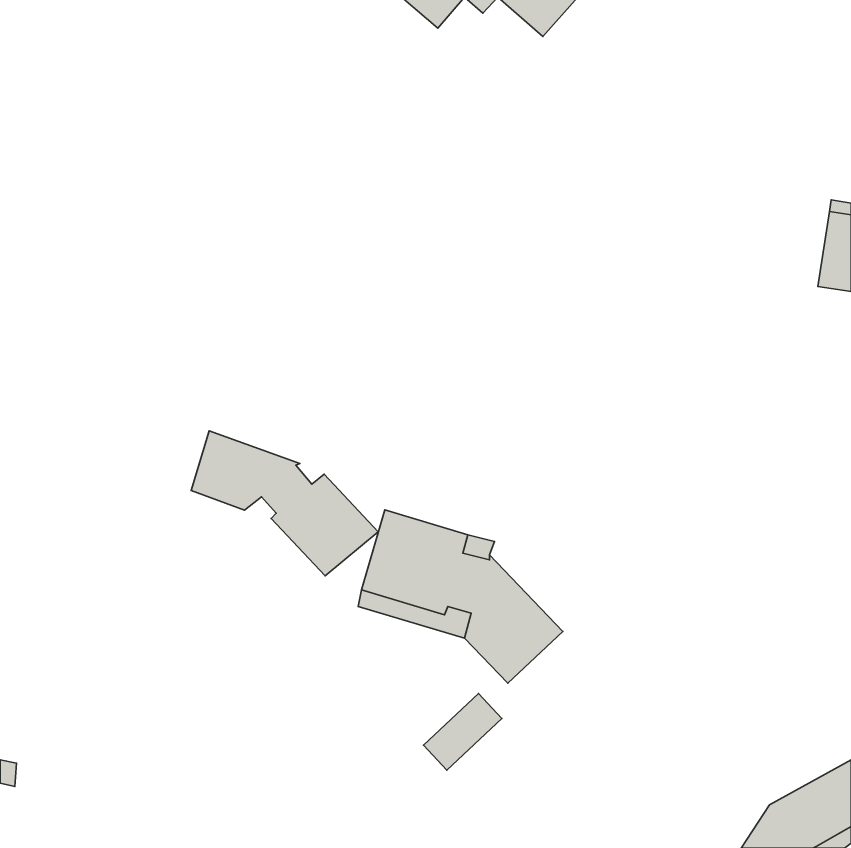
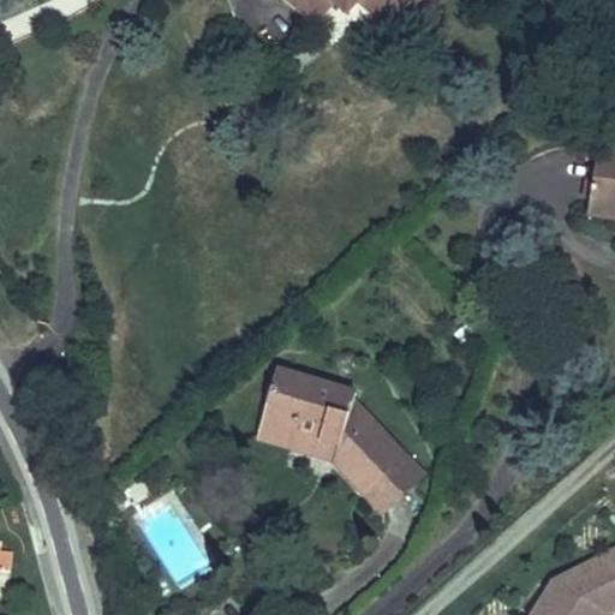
building: [191,431,378,576] -> none
building: [423,693,502,770] -> [366,455,423,510]

